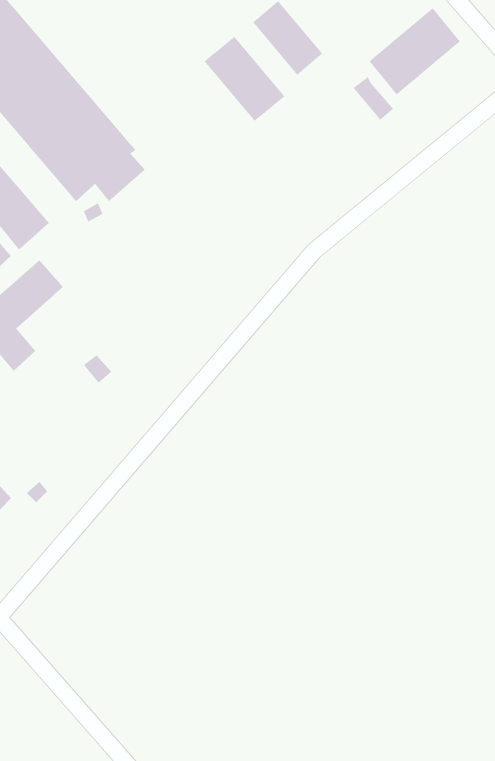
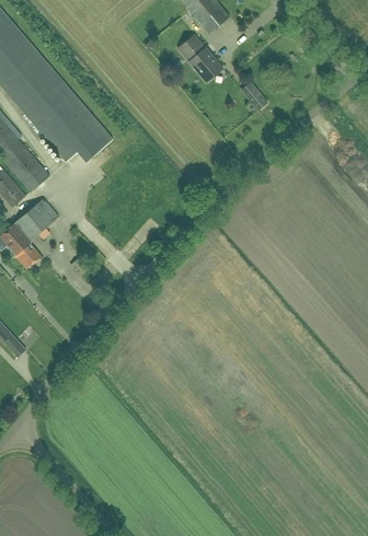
building: [369,7,461,96] -> none
building: [203,36,286,122] -> none

